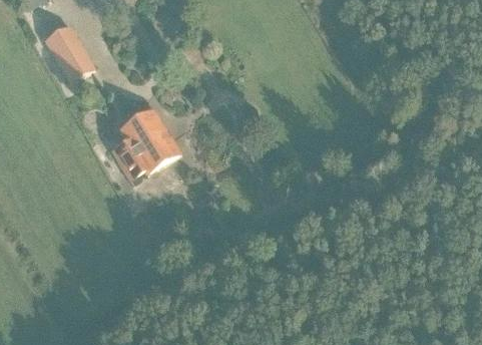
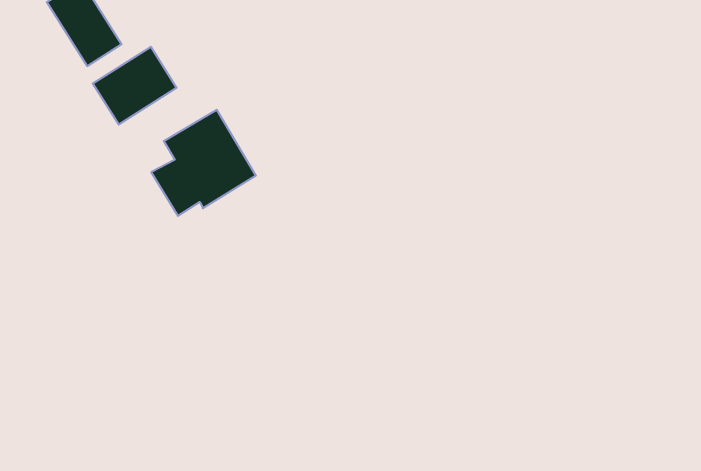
building: none -> [93,47,177,125]

